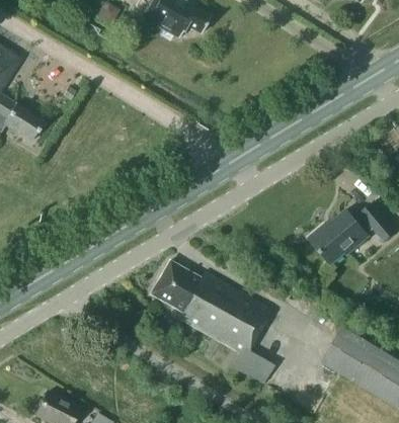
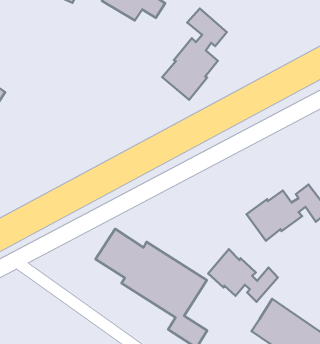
building: none -> [162,9,227,100]
building: none -> [208,249,278,302]

